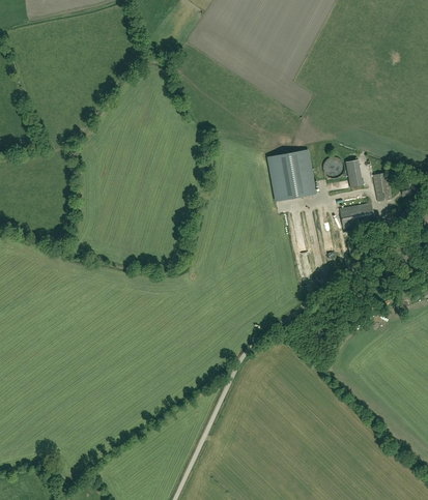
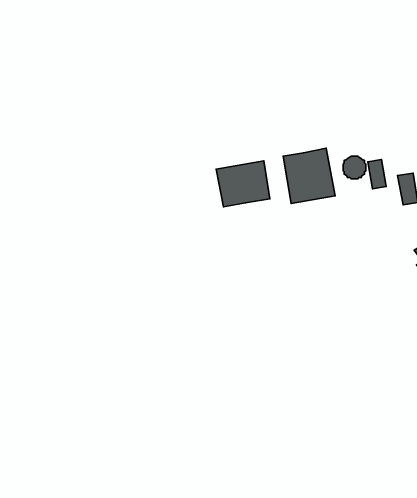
building: none -> [216,161,270,207]
building: [339,202,374,229] -> none

